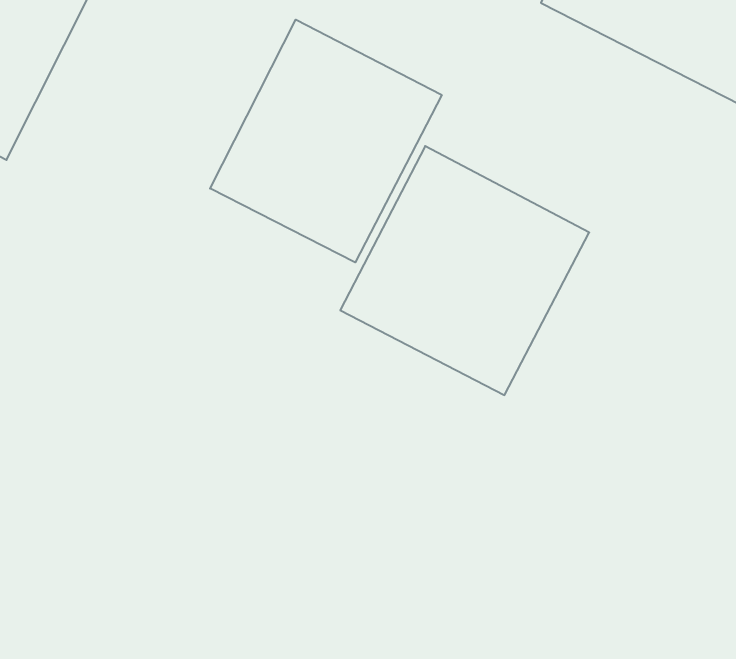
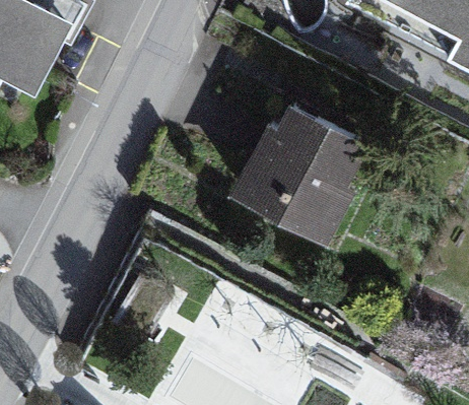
building: [210,20,442,262] -> none

